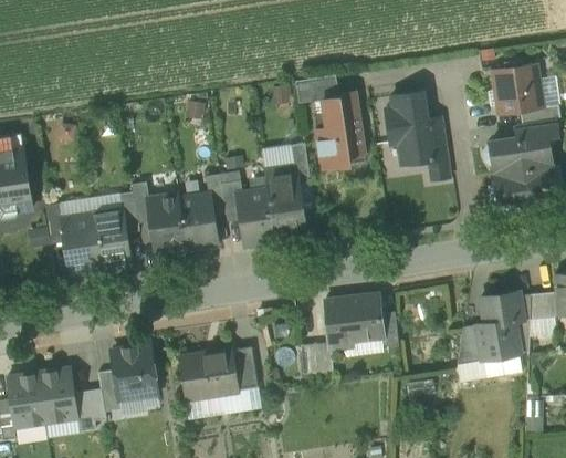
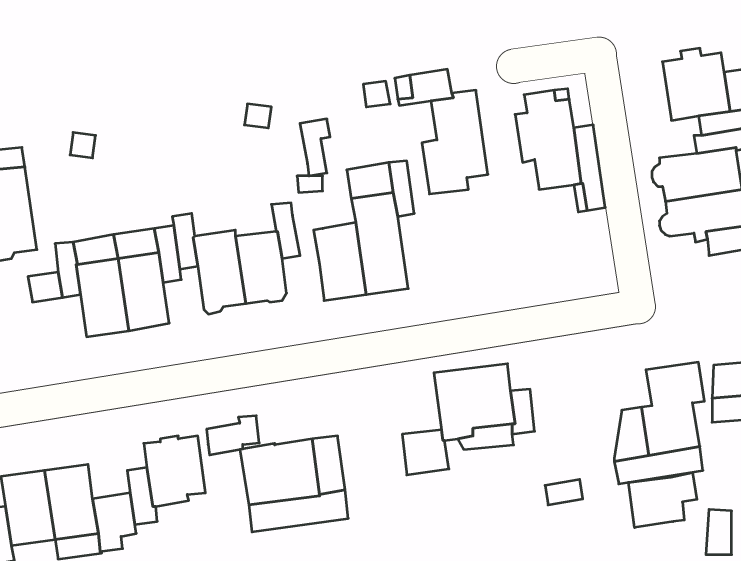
building: [220,179,242,221] -> [300,119,330,176]
building: none -> [628,472,697,528]
building: [119,387,158,416] -> [207,416,259,455]

